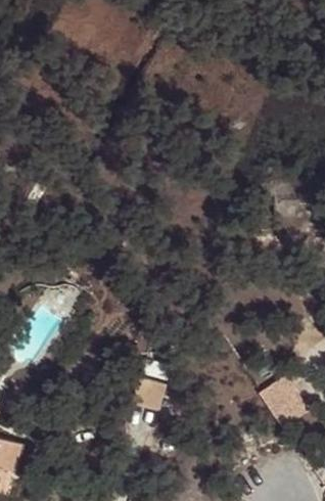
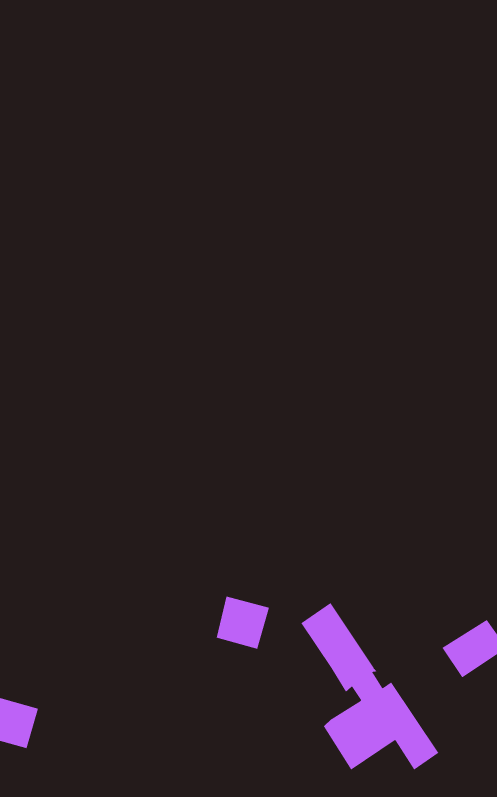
building: none -> [301,602,439,771]

